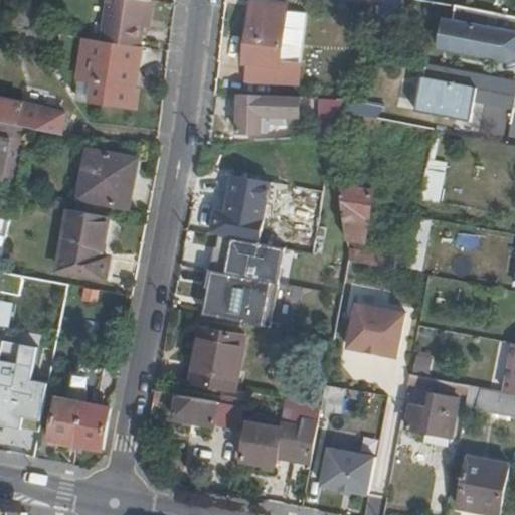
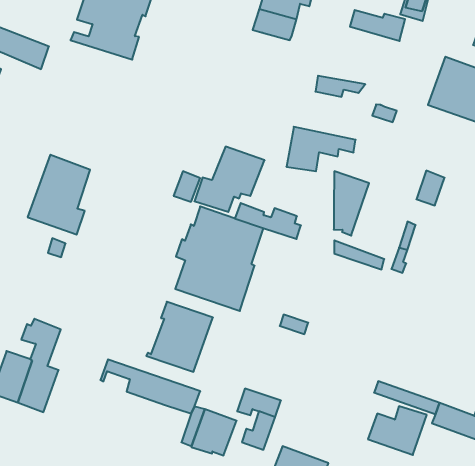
building: [246,64,297,88] -> [350,10,405,41]
building: [233,95,294,133] -> [286,127,356,171]
building: [76,150,136,207] -> none
building: [347,303,403,356] -> none

